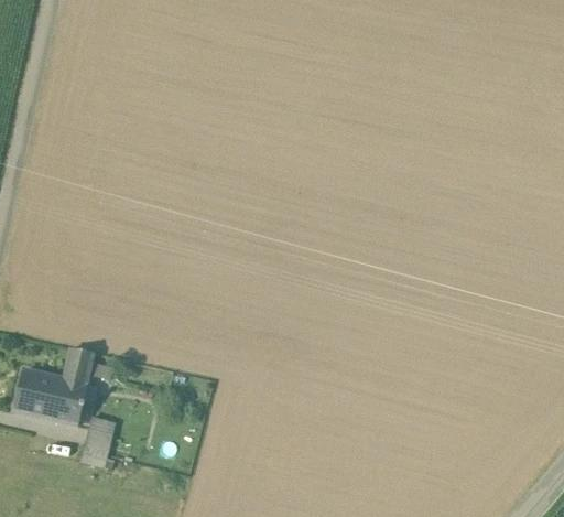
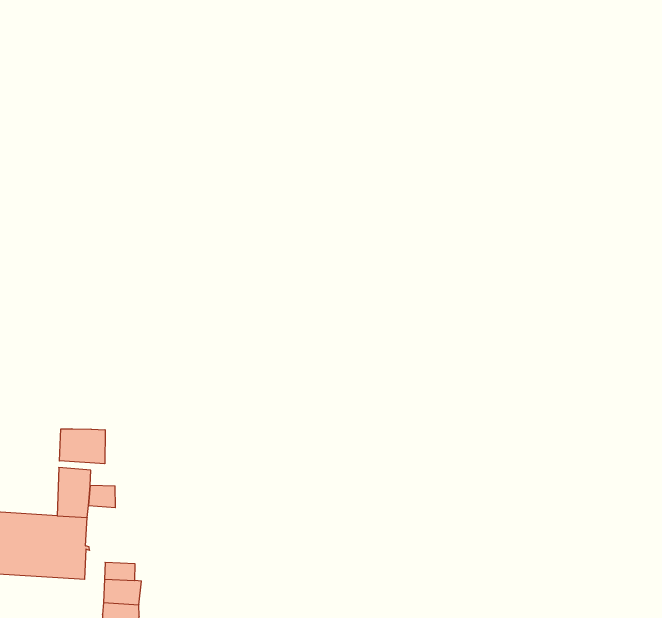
building: none -> [59,429,105,464]

